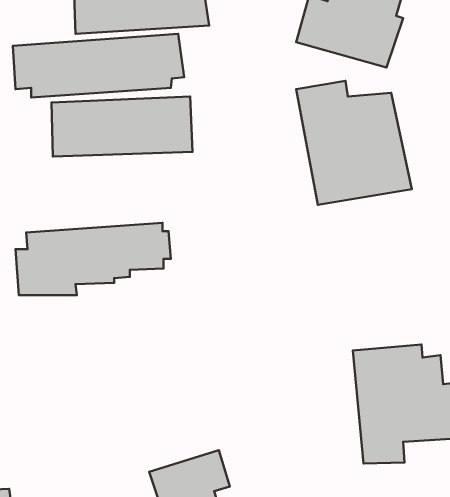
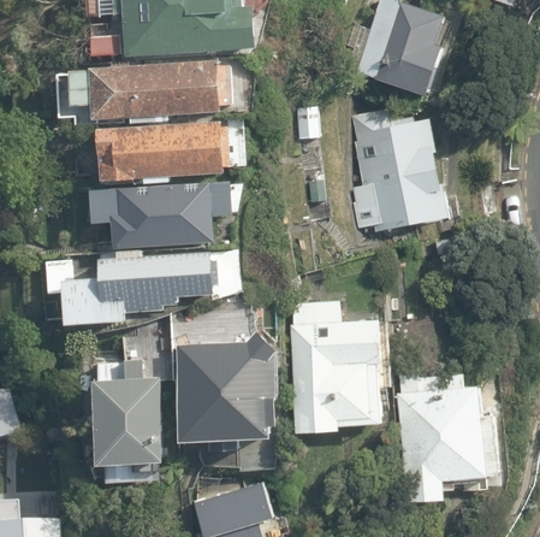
building: none -> [89,181,231,246]
building: none -> [289,299,388,433]
building: none -> [172,331,278,448]
building: none -> [85,362,161,471]

